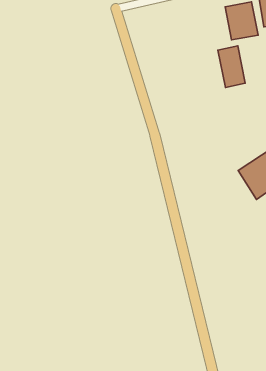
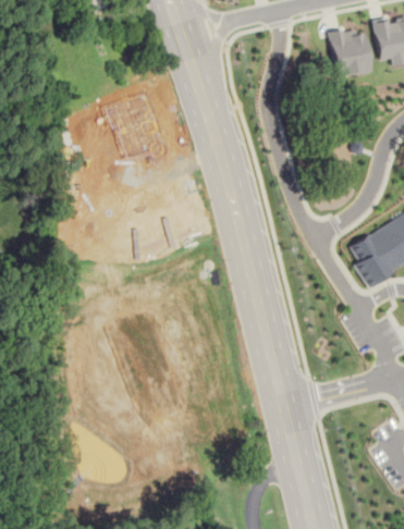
building: [218,46,245,88] -> none

